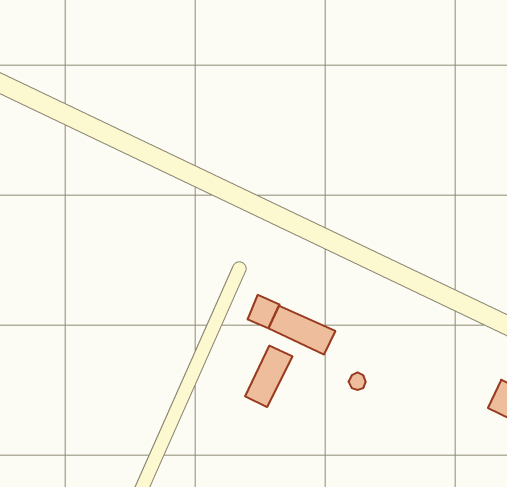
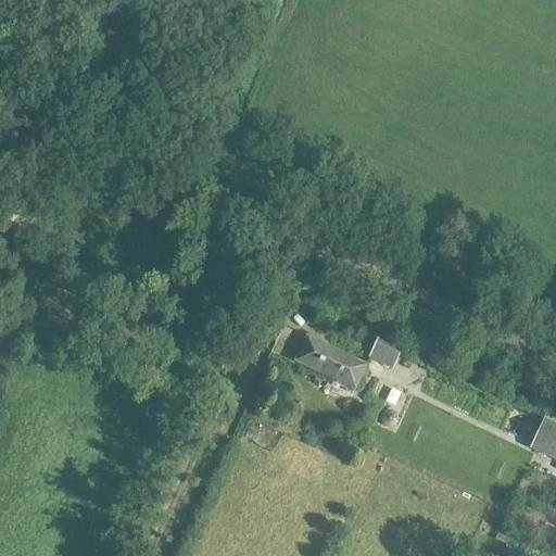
building: none -> [369,337,403,367]
building: [245,346,292,407] -> none

